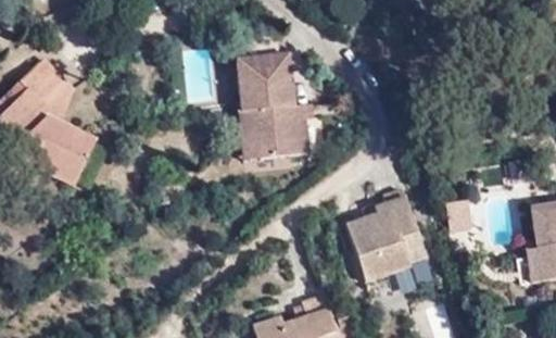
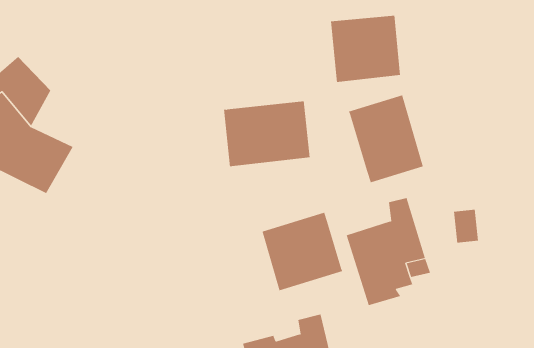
building: [232,45,298,107] -> [330,15,401,82]
building: none -> [348,94,424,183]
building: none -> [262,212,343,291]

